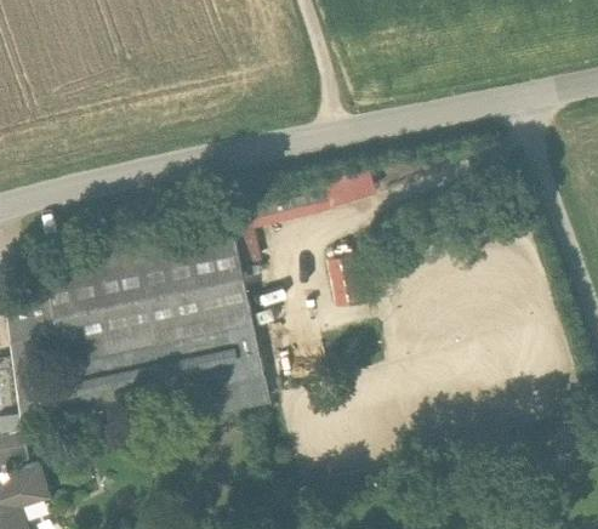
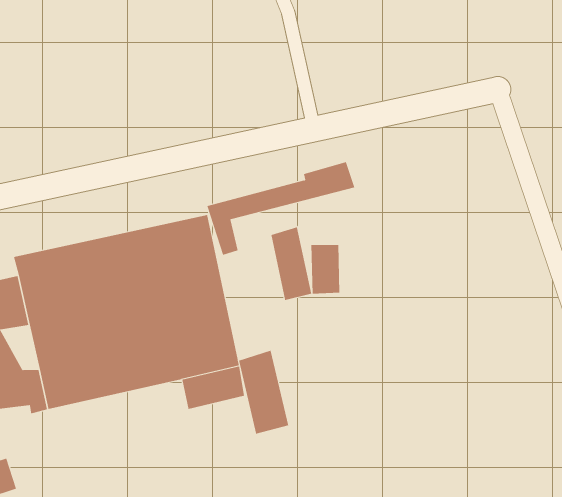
building: none -> [271,226,312,301]
building: none -> [239,350,289,434]

